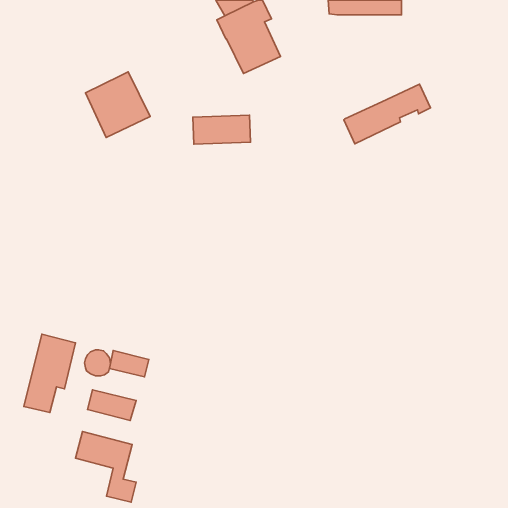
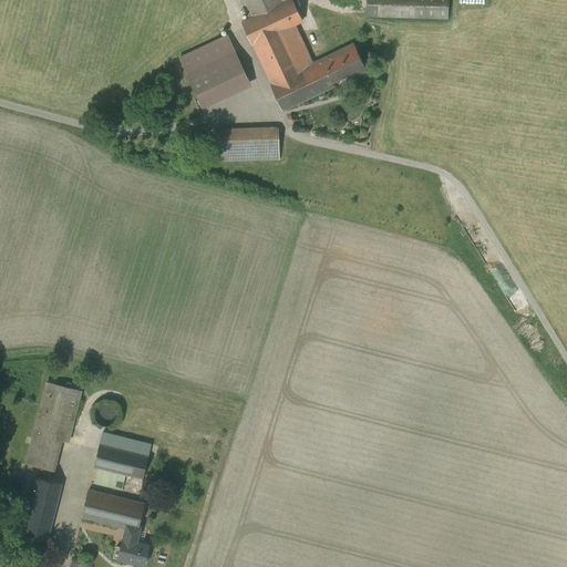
building: [85,72,150,137] -> [179,35,251,109]
building: [344,84,430,144] -> [270,43,367,110]
building: [109,351,149,377] -> none
building: none -> [27,470,64,534]

